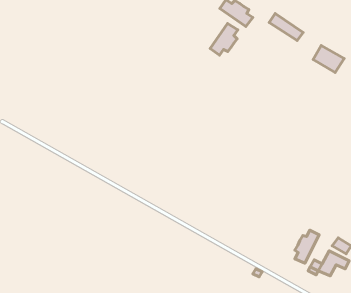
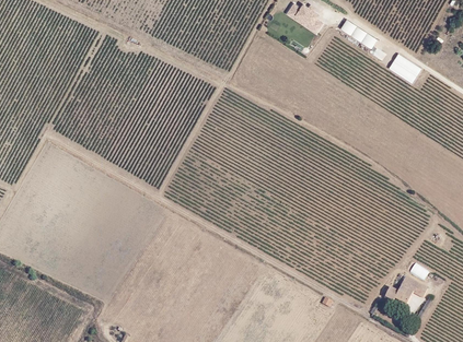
building: [210,23,238,55] -> none
building: [295,230,319,263] -> none

